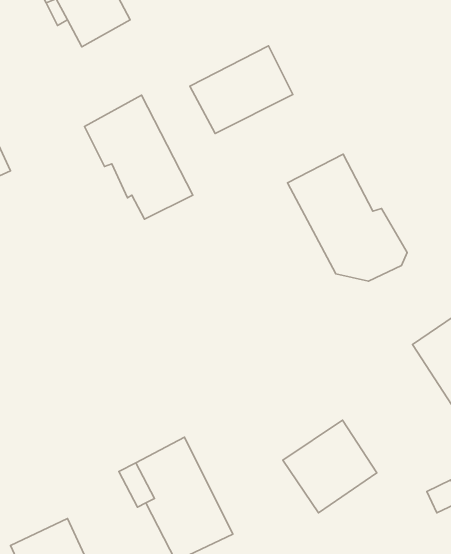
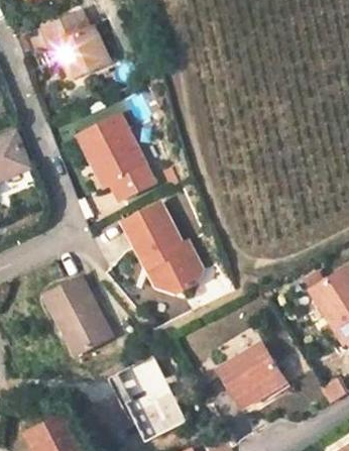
building: [190,46,293,134] -> none
building: [287,154,407,281] -> [122,202,207,292]
building: none -> [39,277,104,355]

